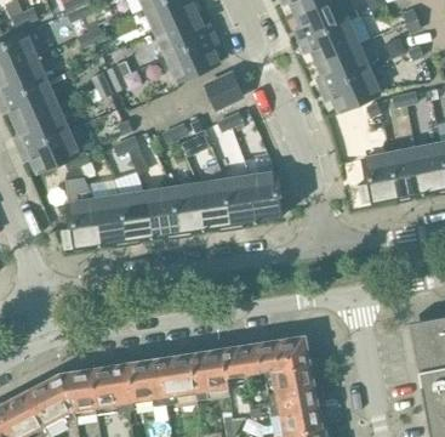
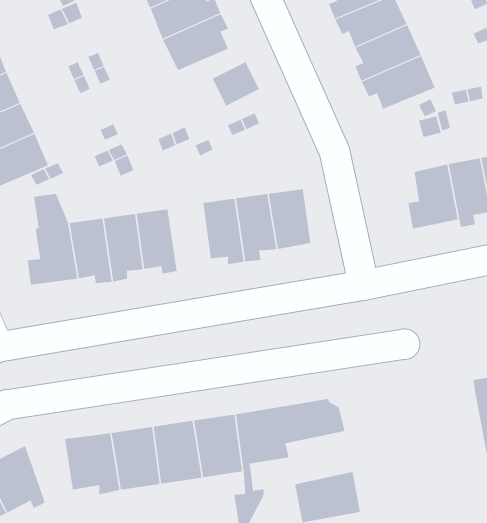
building: [171,183,204,237] -> none
building: [263,362,315,403] -> none
building: [59,368,96,410] -> none

